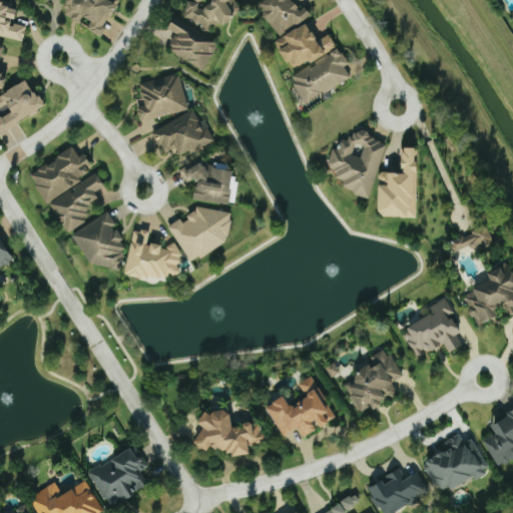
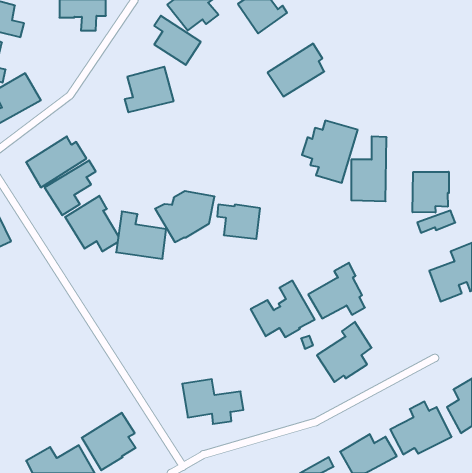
building: [274,22,336,72] -> none
building: [151,110,213,159] -> none
building: [186,166,232,203] -> [217,205,260,239]
building: none -> [413,172,449,213]
building: [401,298,462,358] -> [308,263,365,318]
building: [266,376,335,437] -> [251,281,315,337]

